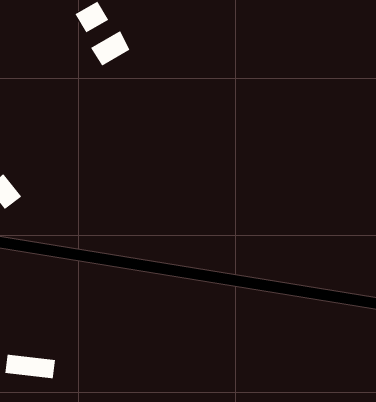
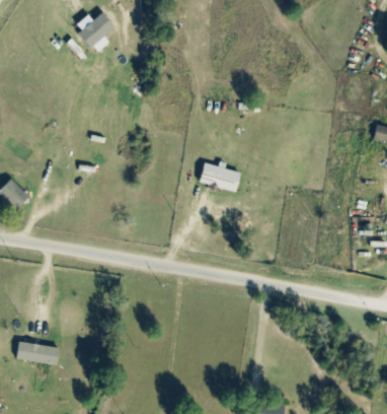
building: [90,30,130,66] -> none
building: none -> [195,161,237,191]

